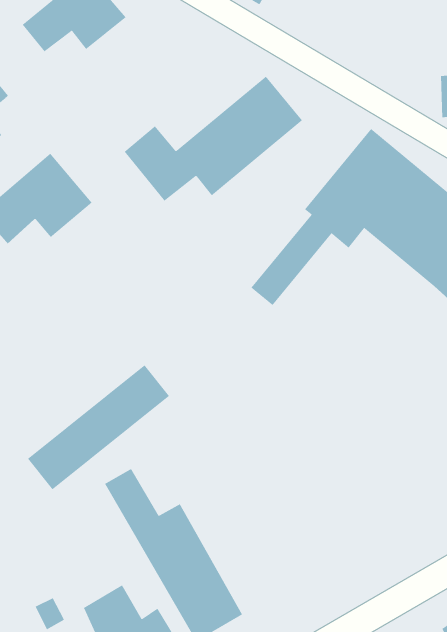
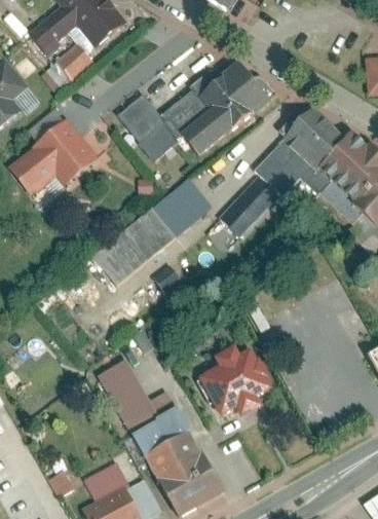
building: none -> [62,40,99,77]
building: [27,365,170,490] -> [97,182,209,281]
building: none -> [193,347,277,425]

